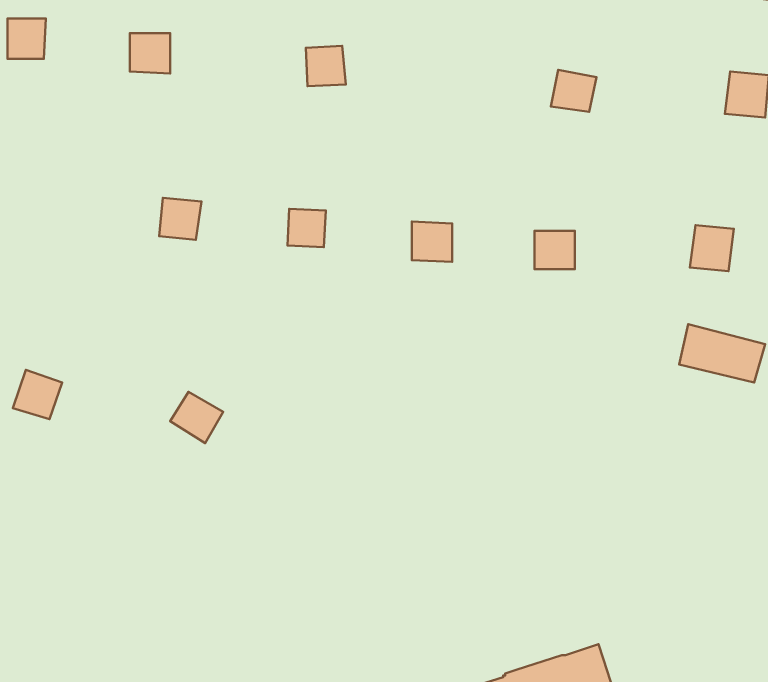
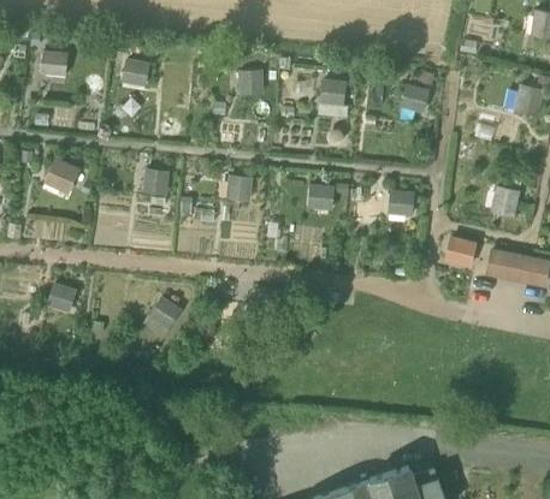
building: none -> [319,78,347,114]
building: none -> [42,155,82,195]
building: none -> [445,236,475,265]

